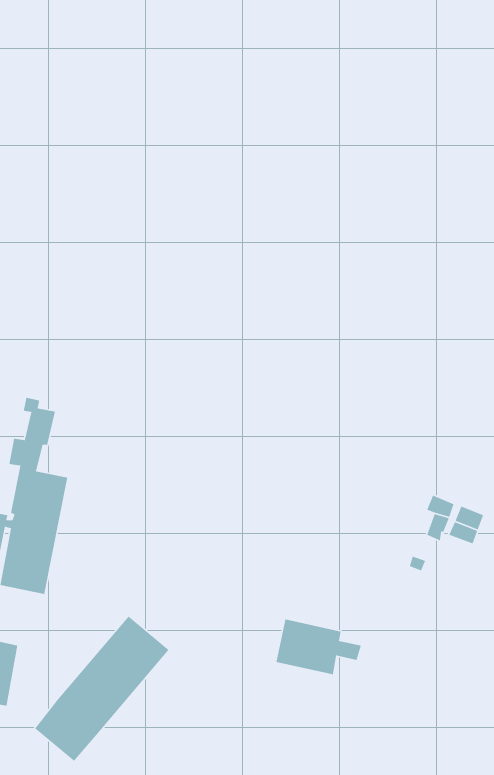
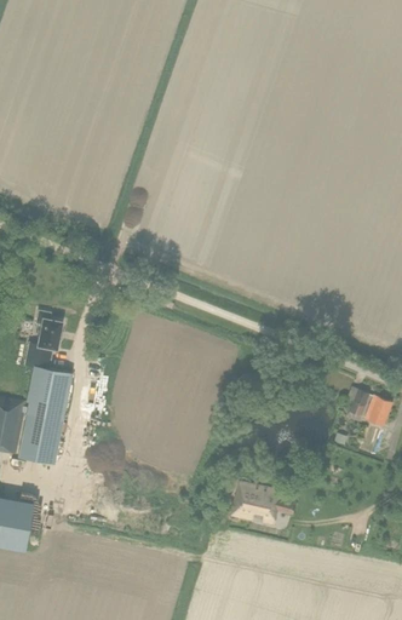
building: [34,615,169,762] -> none

